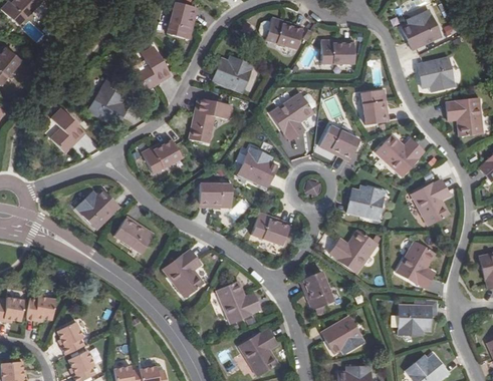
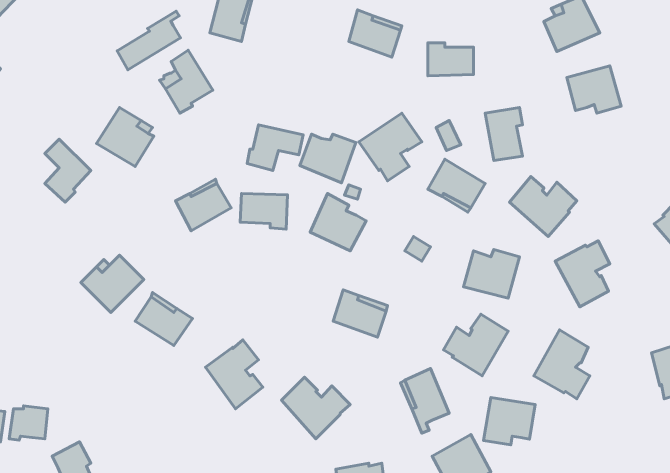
building: none -> [117,11,180,70]
building: [214,59,253,93] -> [300,134,356,183]
building: [446,98,483,137] -> none
building: [197,182,230,208] -> [240,193,288,229]
building: [398,303,434,336] -> [484,397,535,445]

